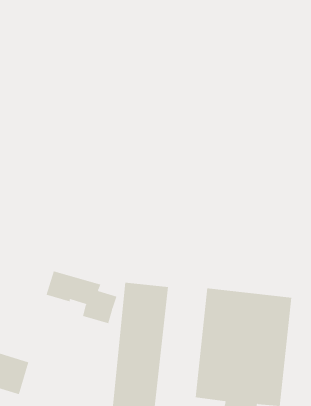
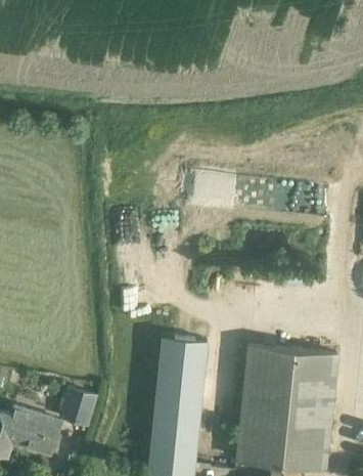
building: [46,270,117,325] -> none
building: none -> [57,387,96,428]

